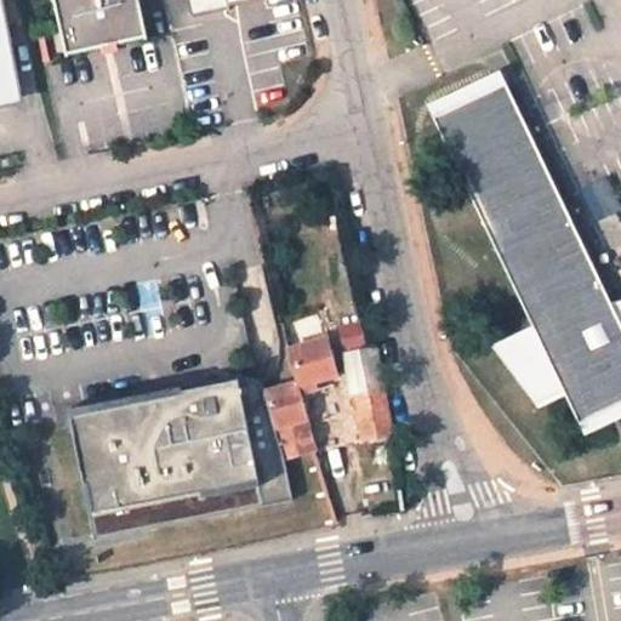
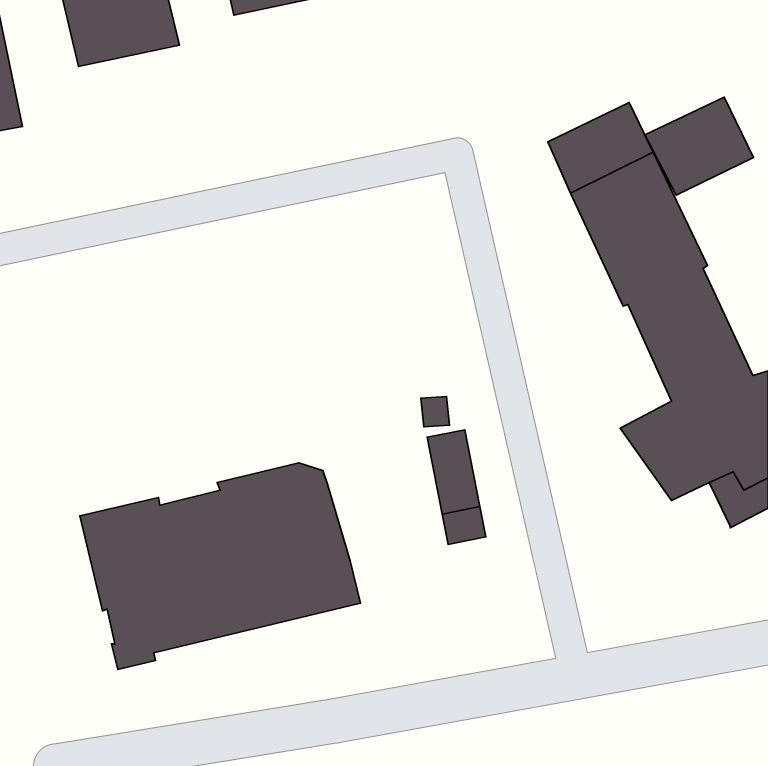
building: none -> [645,97,753,195]
building: [263,336,334,451] -> none

